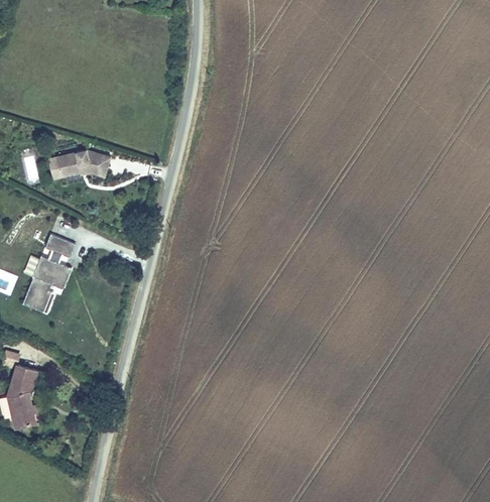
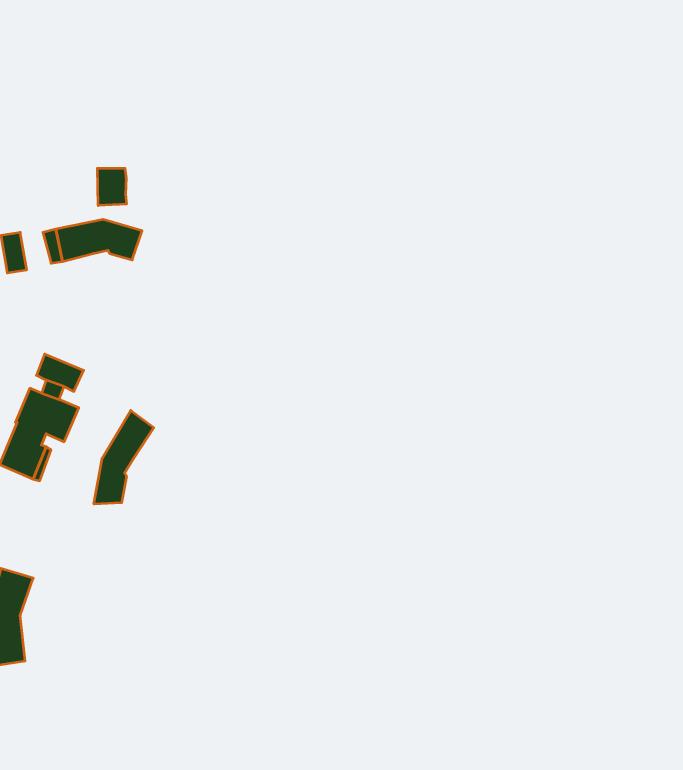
building: none -> [97,168,126,206]
building: none -> [94,410,154,504]

